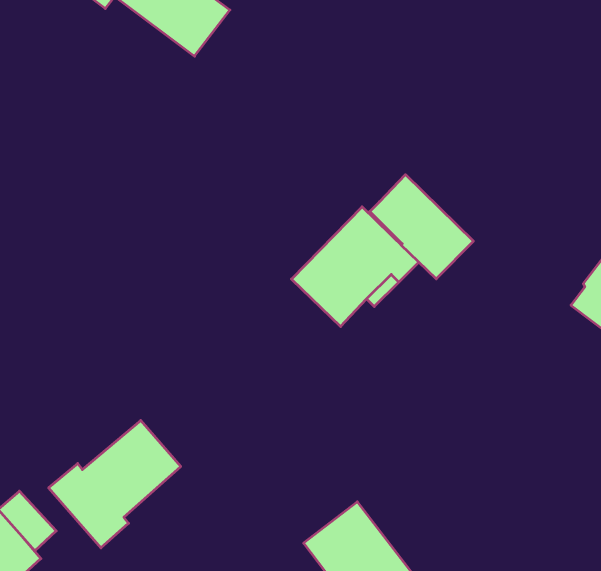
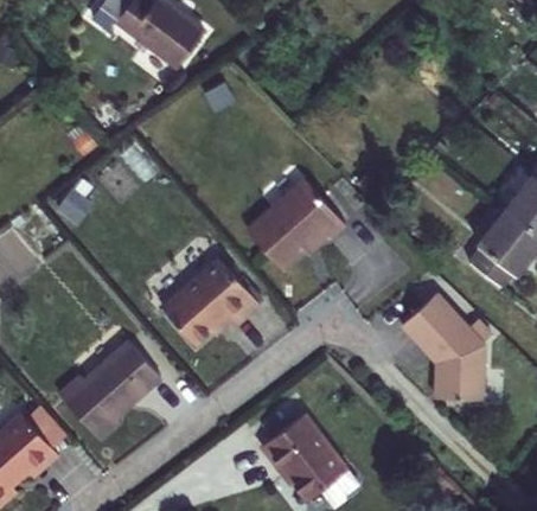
building: [370,175,473,279] -> none
building: none -> [162,257,261,344]
building: none -> [396,292,479,396]

